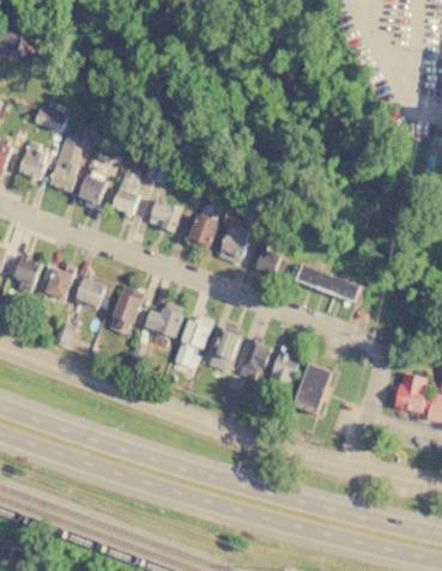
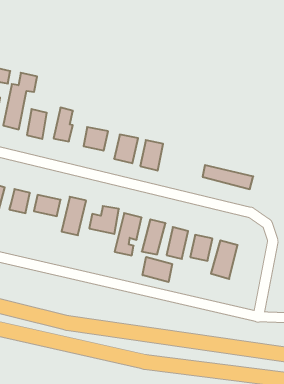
building: [254,249,287,278] -> none
building: none -> [143,257,172,282]

